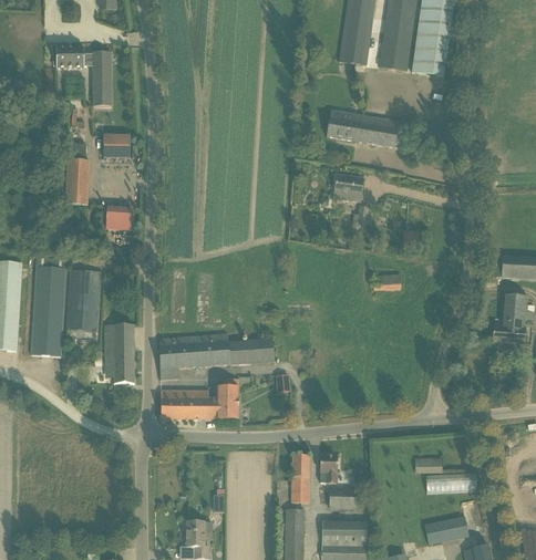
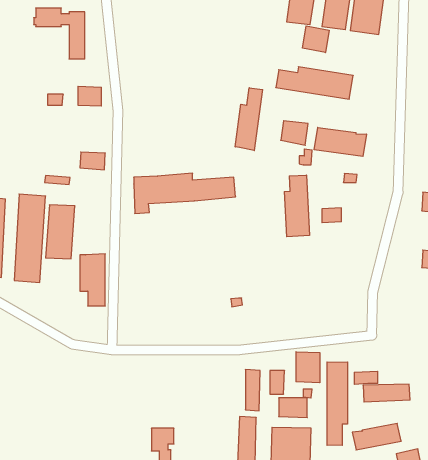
building: none -> [303,26,329,53]
building: none -> [235,88,263,151]
building: [65,159,90,205] -> none
building: none -> [314,127,366,156]
building: none -> [284,175,309,237]
building: [159,333,275,378] -> [134,173,236,213]
building: [161,380,238,419] -> none
building: none -> [296,352,320,383]
building: none -> [327,362,347,445]

